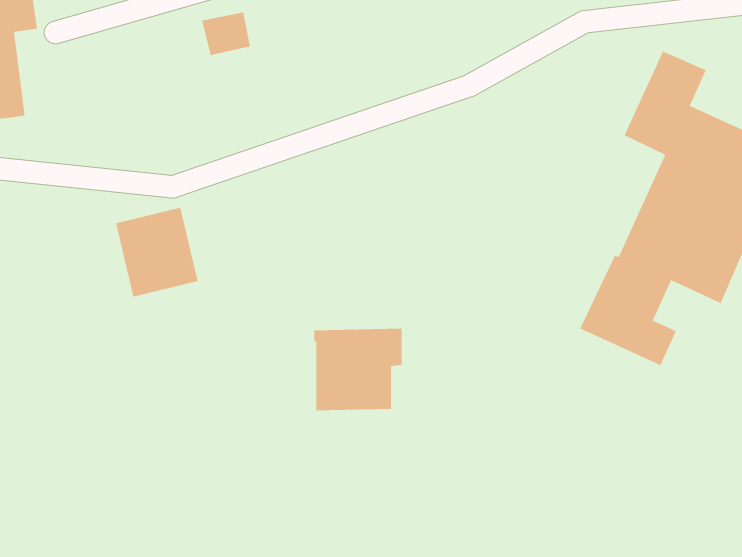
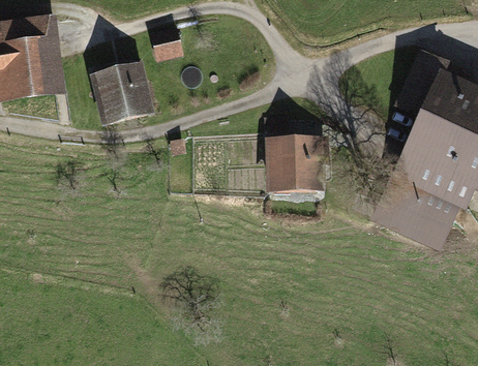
building: [115,207,199,297] -> [98,66,147,119]
building: [314,328,402,411] -> [272,139,324,187]

